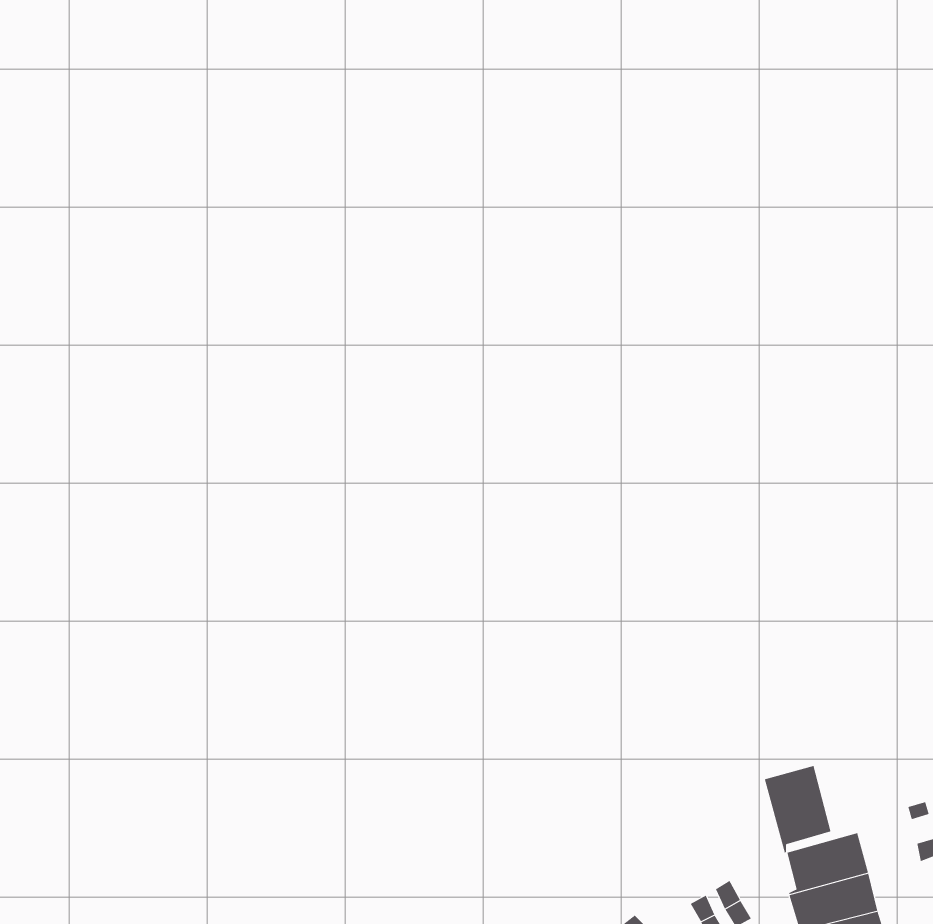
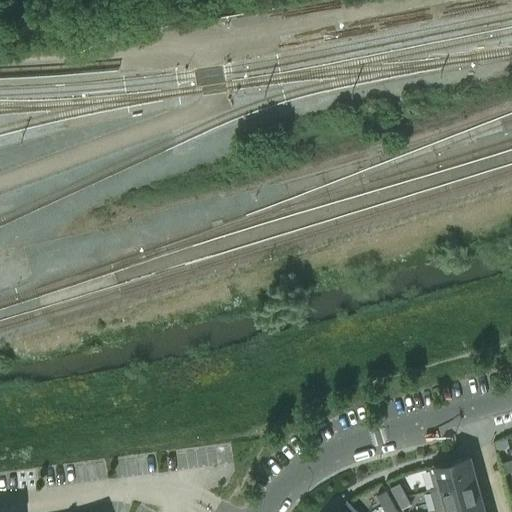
building: [764,765,831,854] -> none

